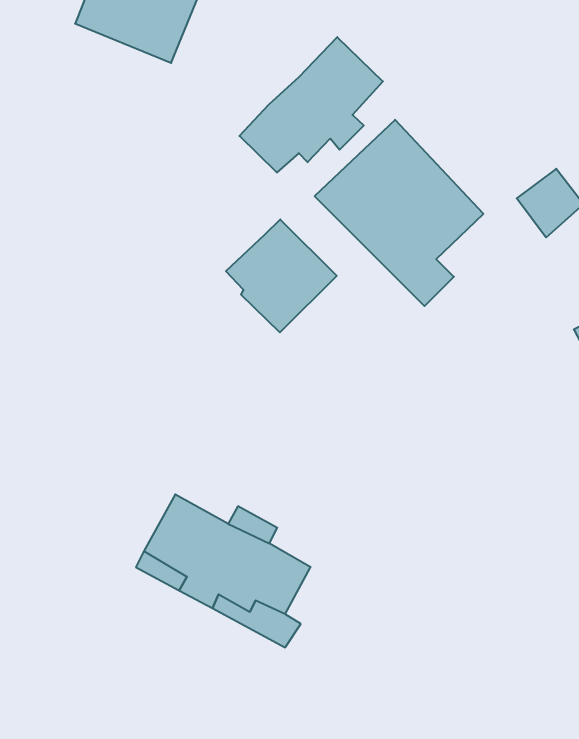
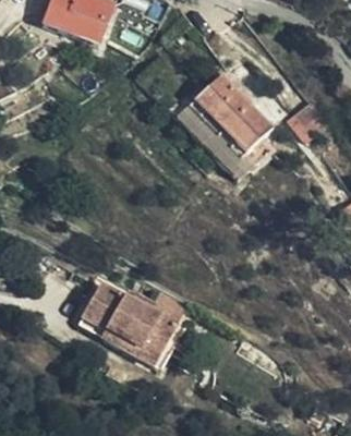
building: [239,37,383,173] -> none
building: [226,219,337,332] -> none

